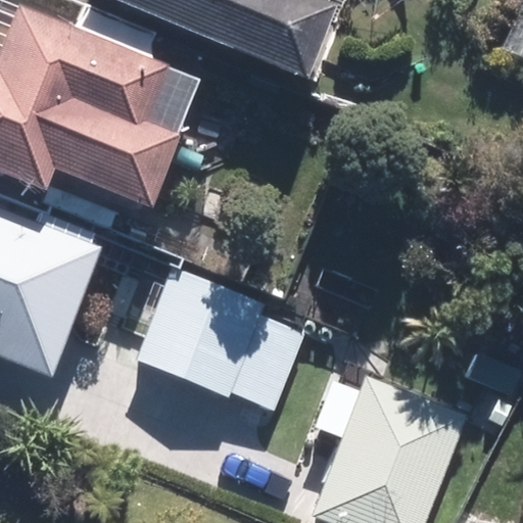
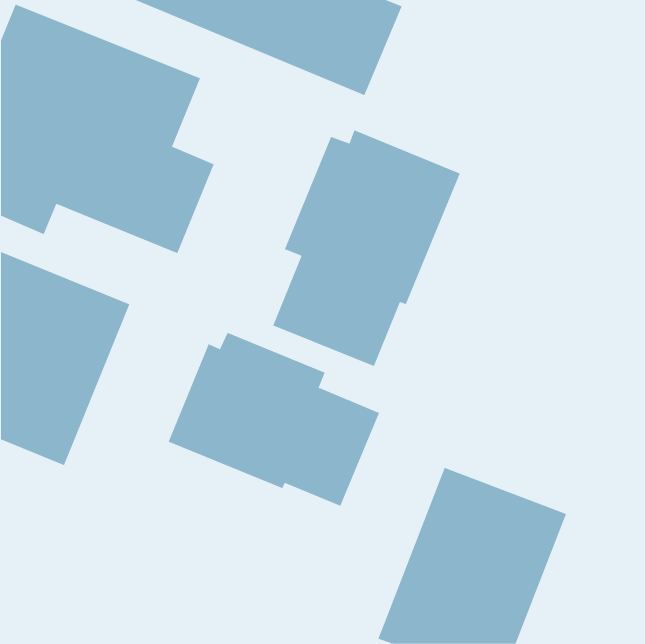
building: none -> [272,129,461,367]

